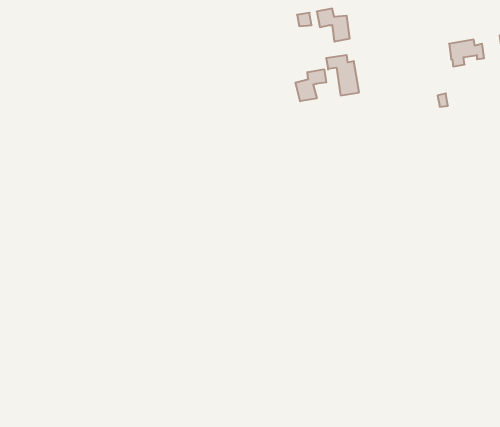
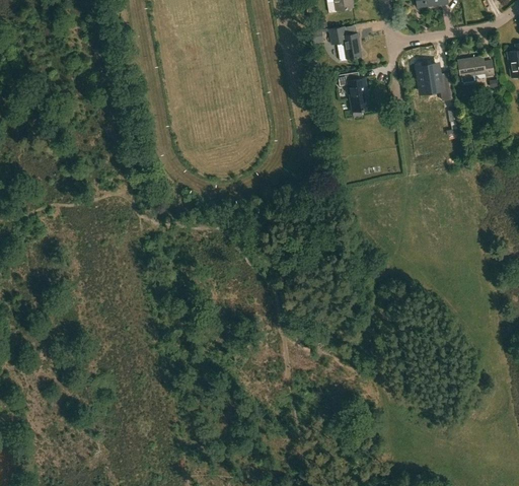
building: none -> [416,67,452,102]
building: [295,69,326,101] -> none

